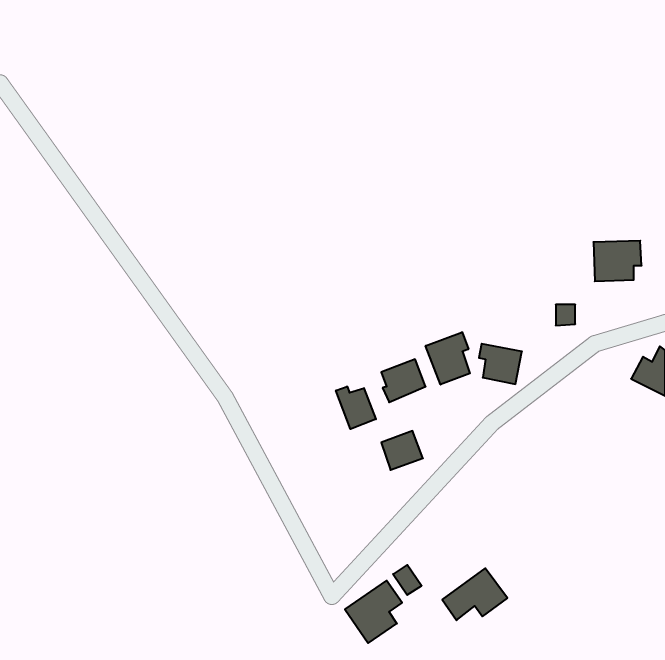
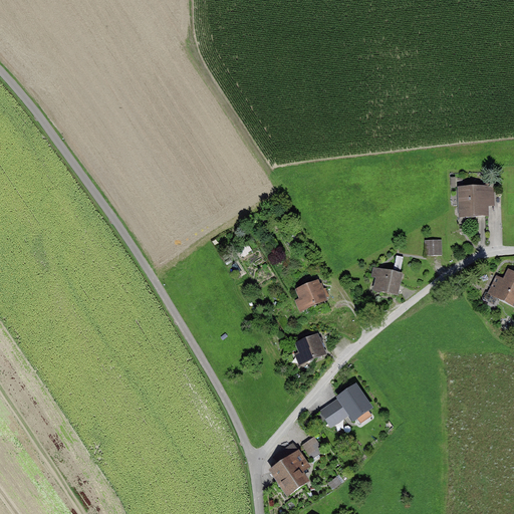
building: [426,332,470,385] -> none
building: [336,386,376,429] -> none
building: [442,568,507,620] -> [321,384,371,425]

